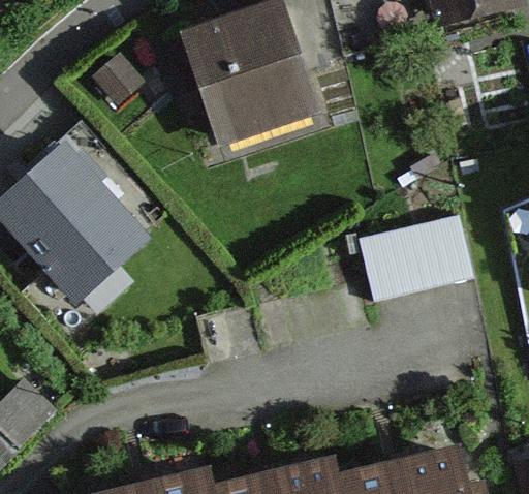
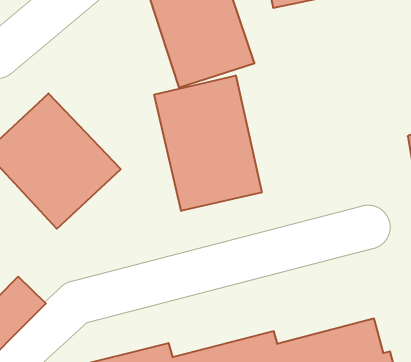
building: none -> [154,75,262,211]
building: [361,218,474,304] -> none

